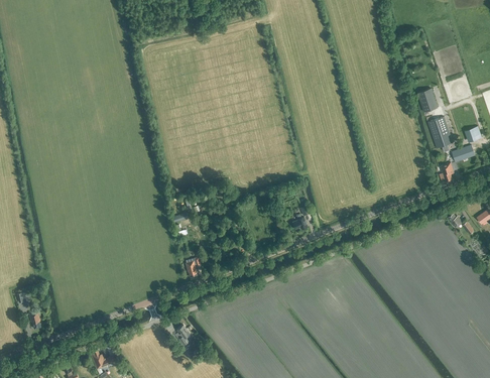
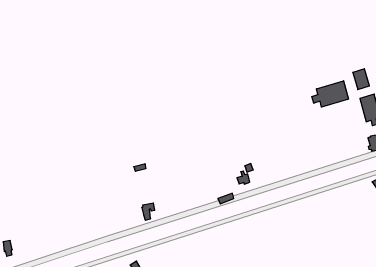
building: none -> [312,81,349,107]

